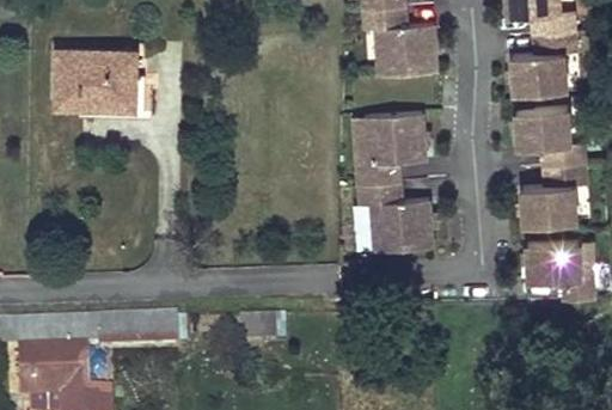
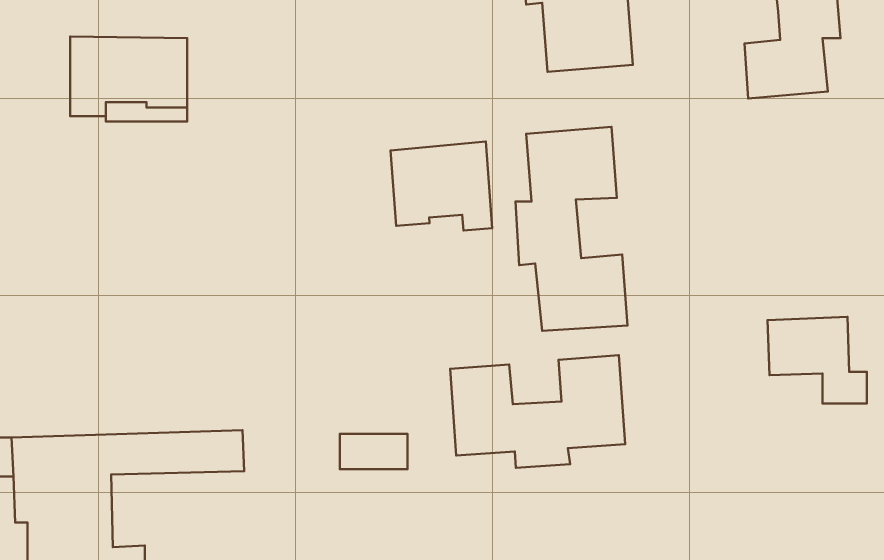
building: [514,108,586,226] -> none
building: none -> [391,141,492,230]
building: none -> [450,355,625,468]

